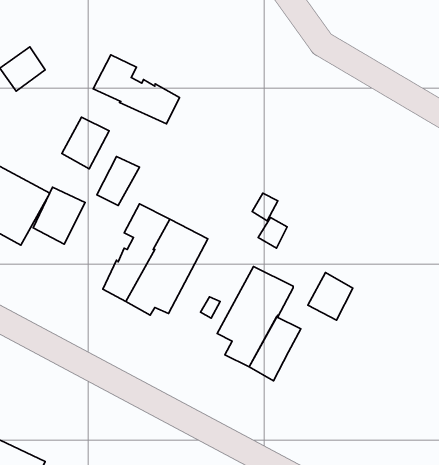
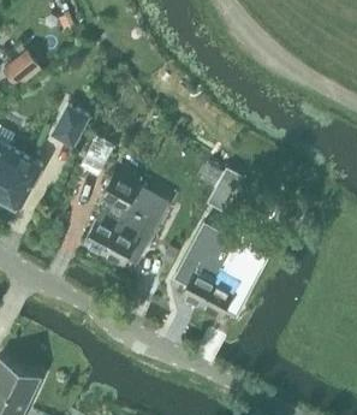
building: [93,55,180,124] -> none
building: [33,187,85,244] -> none
building: [308,273,353,320] -> none

